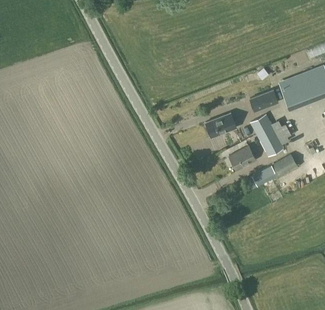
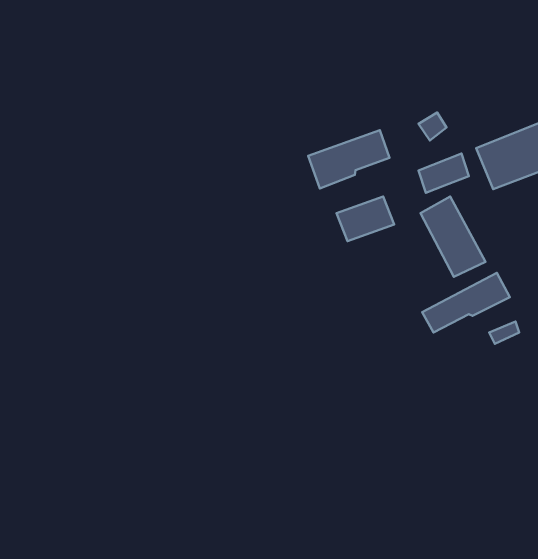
building: none -> [308,130,389,188]
building: [228,144,256,169] -> none

